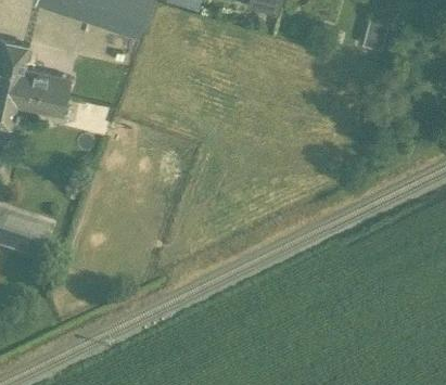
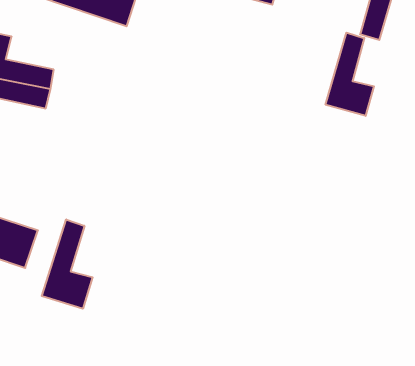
building: none -> [326,33,374,116]
building: none -> [42,219,93,309]

